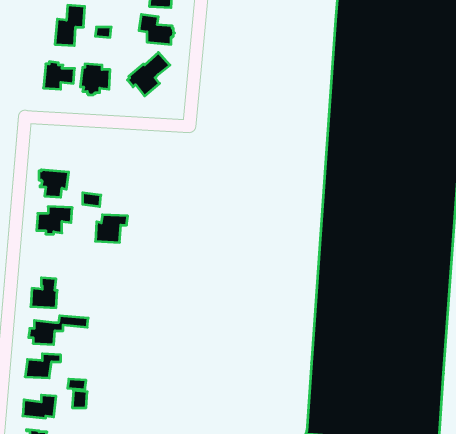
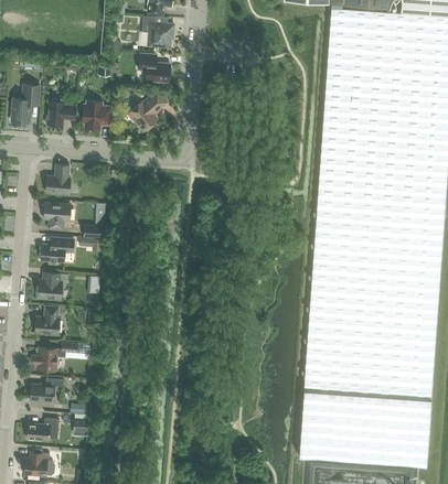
building: [55,5,85,46] -> [11,84,40,122]
building: none -> [45,163,70,194]
building: [95,215,128,242] -> [38,272,68,299]

